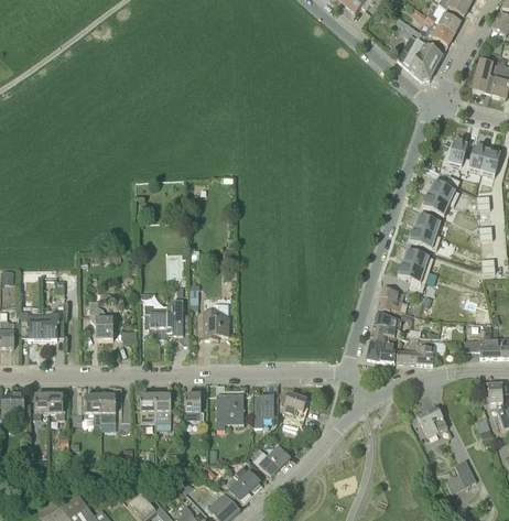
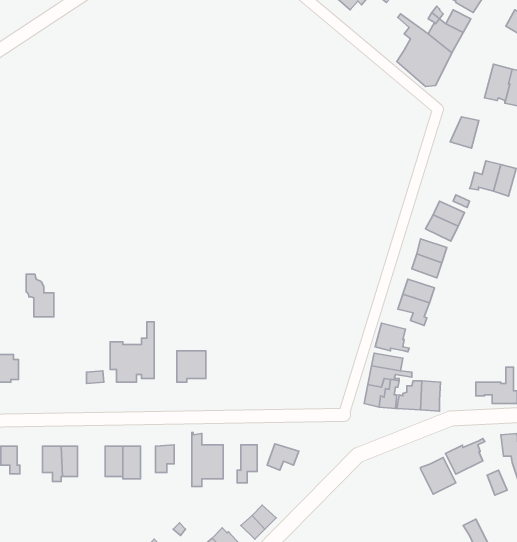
building: [442,139,467,166] -> [450,117,479,148]
building: [89,301,113,338] -> [26,274,54,317]
building: none -> [446,438,485,474]

